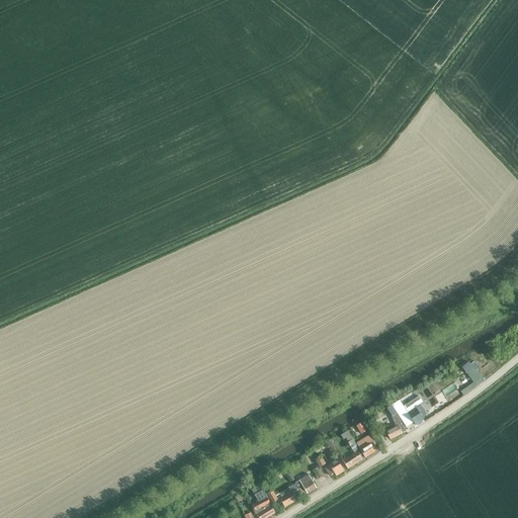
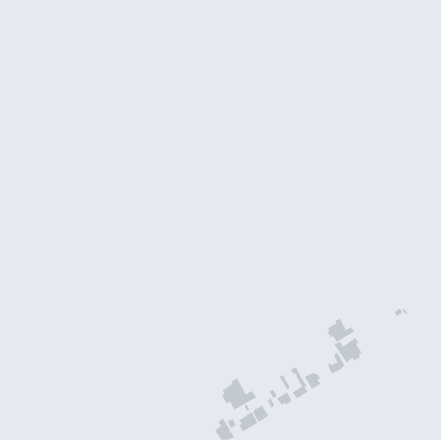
building: none -> [327,318,355,343]
building: none -> [221,377,257,411]

